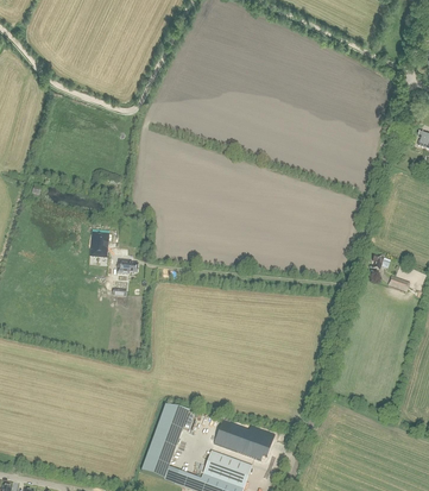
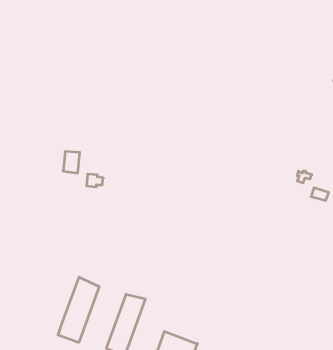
building: none -> [58,277,99,342]
building: [213,421,271,459] -> none

